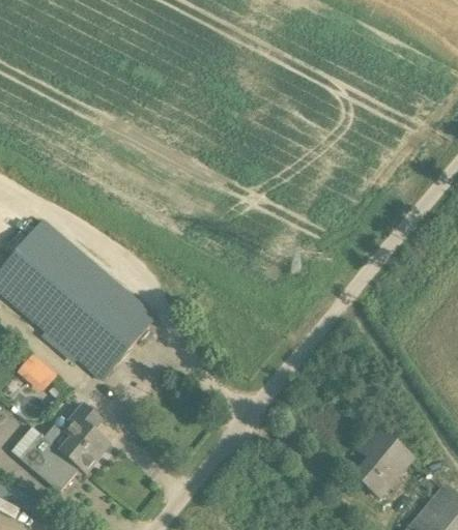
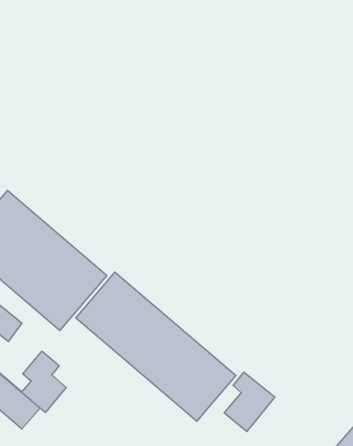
building: none -> [76,272,236,421]
building: [353,429,411,497] -> [224,372,275,432]

